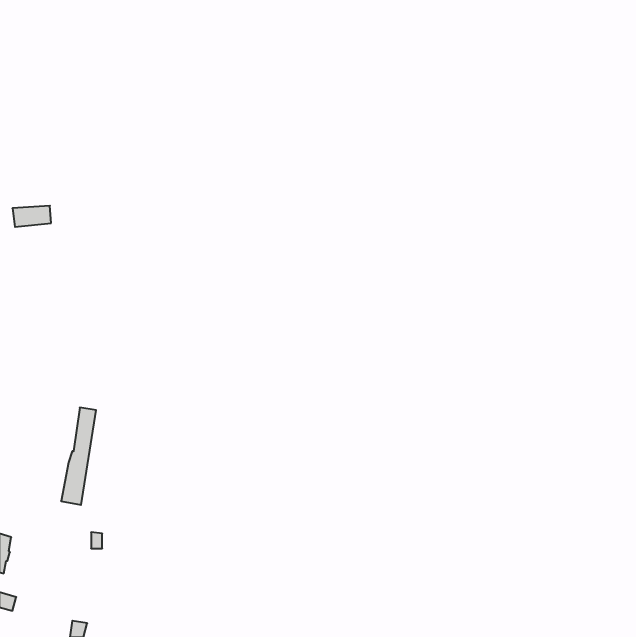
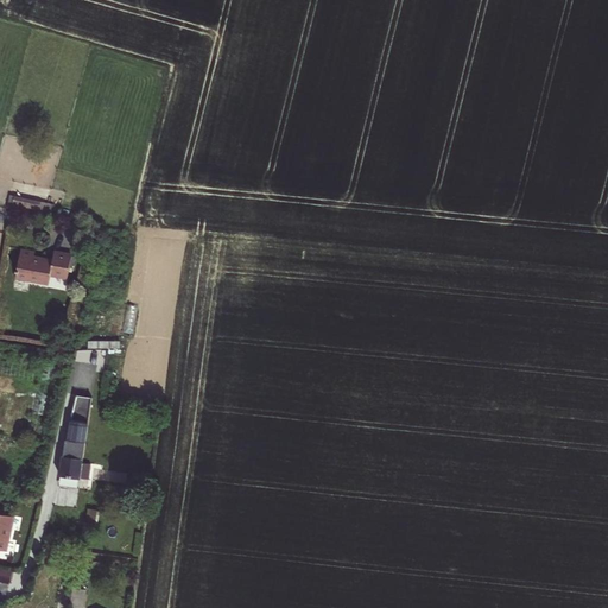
building: none -> [13,249,70,285]

